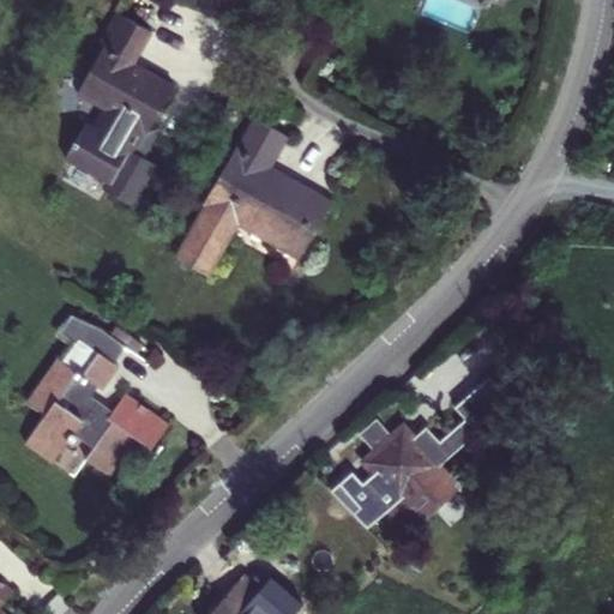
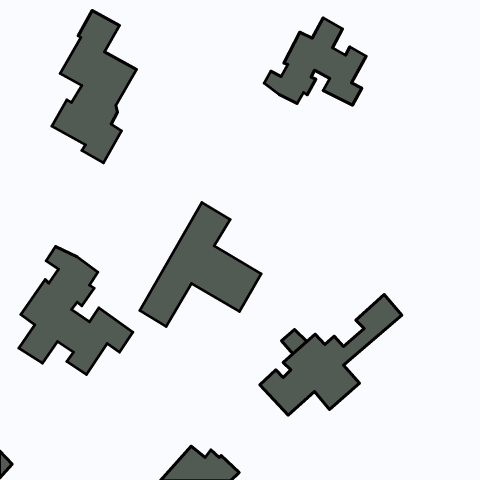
building: none -> [264,18,366,105]
building: [175,118,330,276] -> [140,202,261,327]

